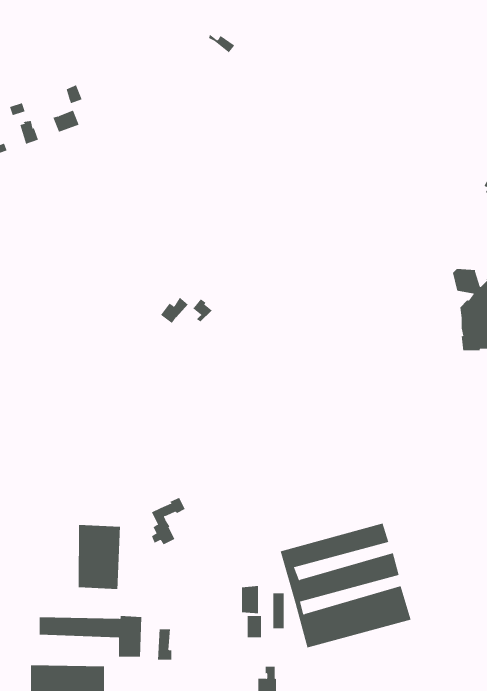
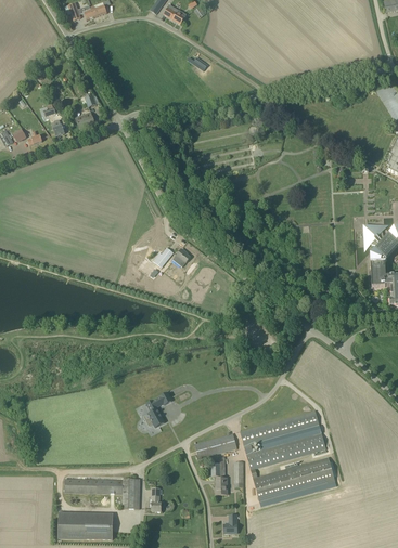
building: [78,524,120,590] -> none
building: none -> [195,433,237,458]

